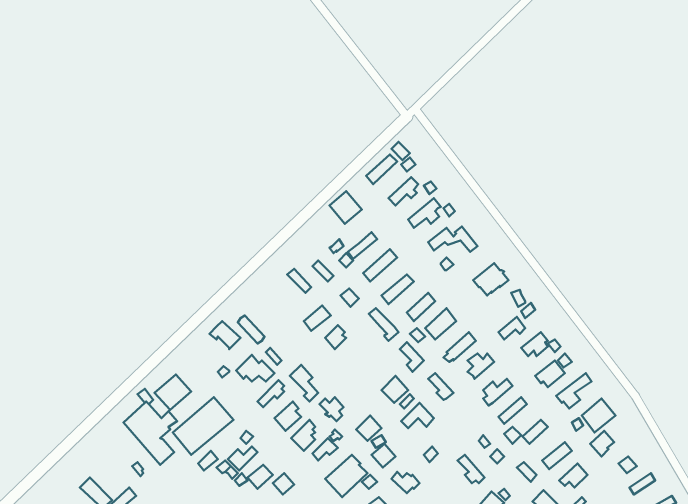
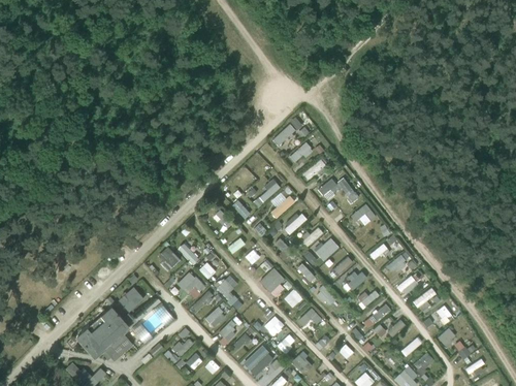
building: none -> [259,267,285,296]
building: none -> [77,321,123,356]

